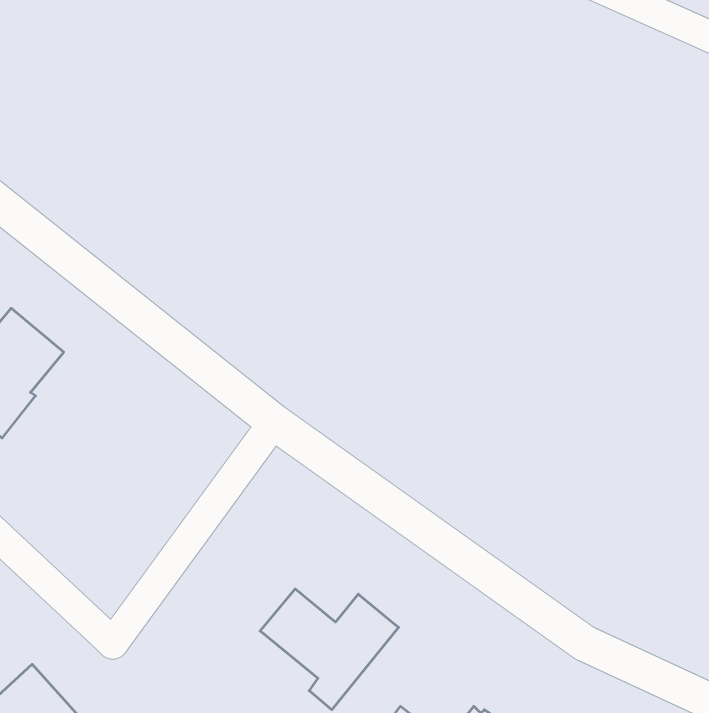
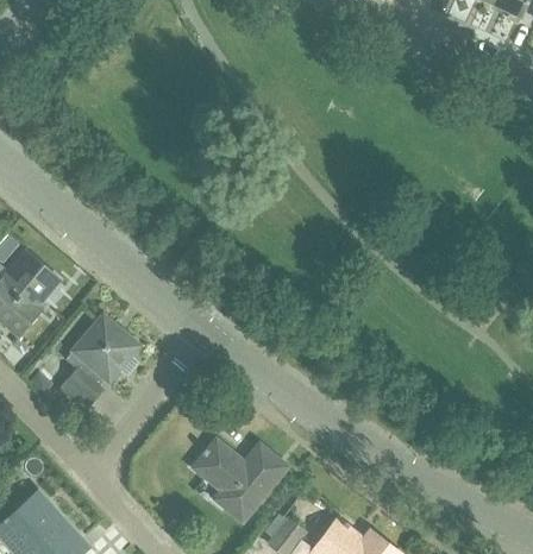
building: none -> [58,319,140,410]

